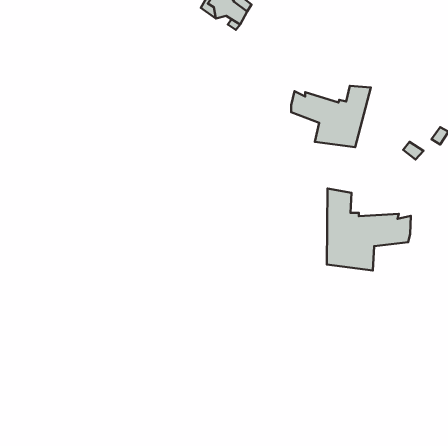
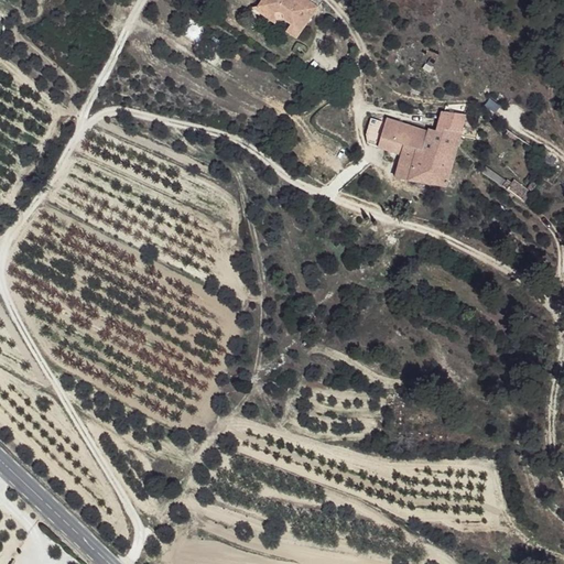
building: [327,189,411,270] -> none

